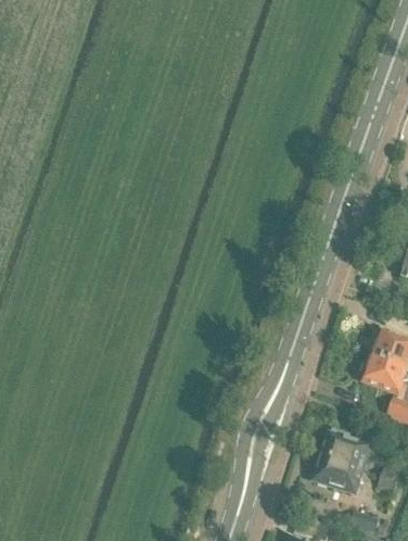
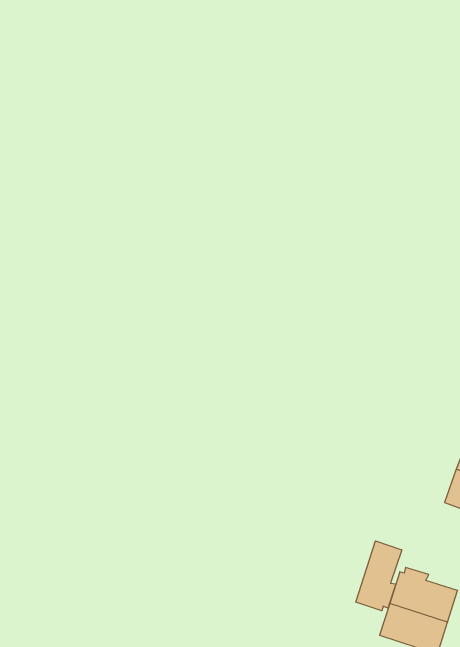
building: none -> [356,541,402,611]

